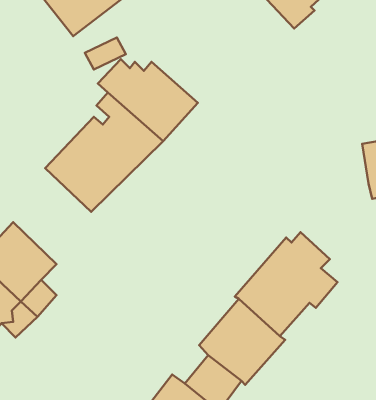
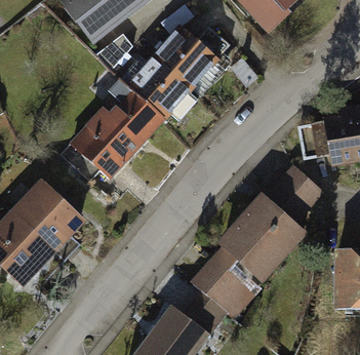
building: none -> [155,26,230,88]
building: none -> [297,121,328,157]
building: none -> [274,168,318,213]

